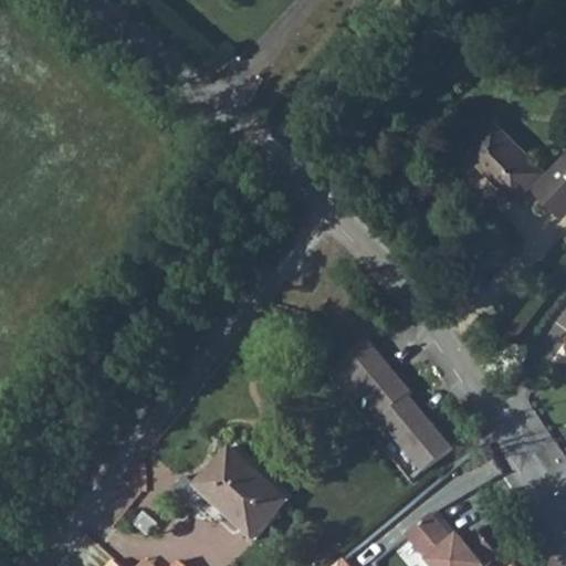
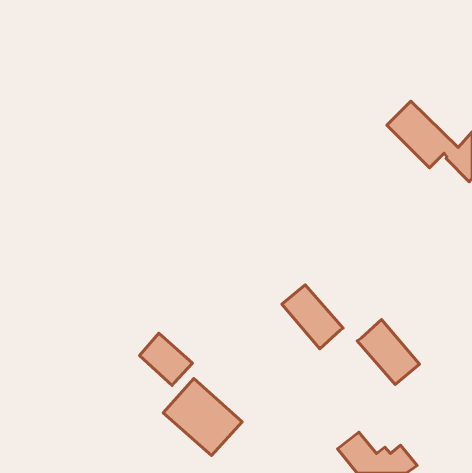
building: [377,394,451,471] -> [357,320,419,384]
building: none -> [139,333,193,385]

